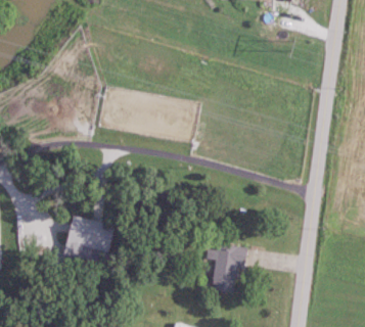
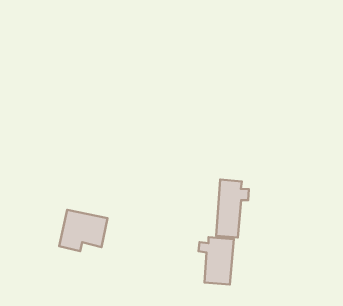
building: none -> [216,180,249,238]

